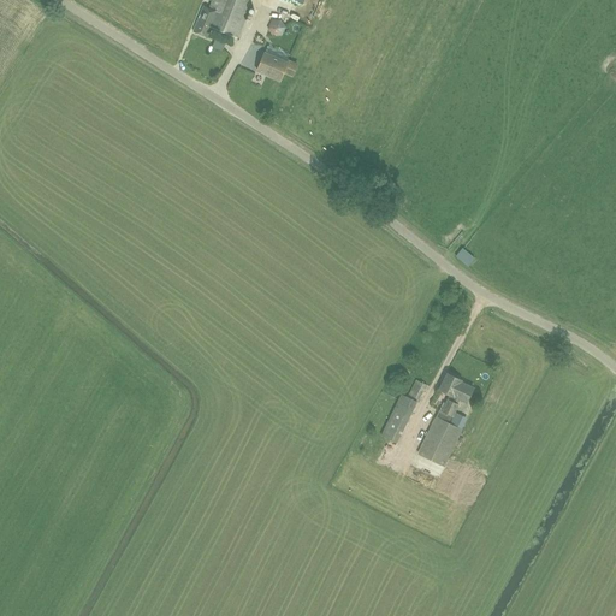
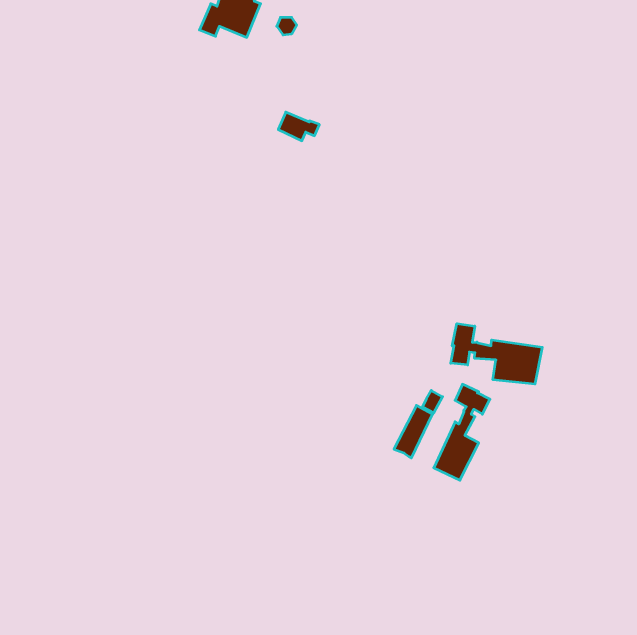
building: [257,51,297,78] -> [278,112,319,141]
building: none -> [451,324,542,384]

